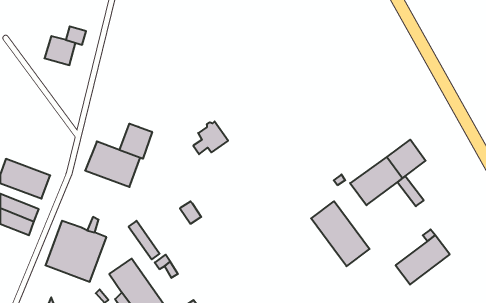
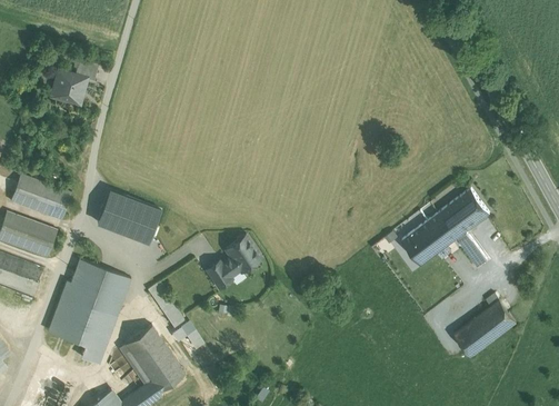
building: [193,121,228,154] -> [221,235,261,273]
building: [119,124,152,159] -> none
building: none -> [11,175,71,220]
building: none -> [71,259,101,290]
building: [311,201,370,266] -> none

